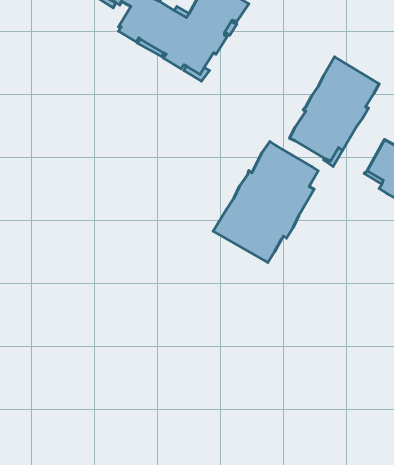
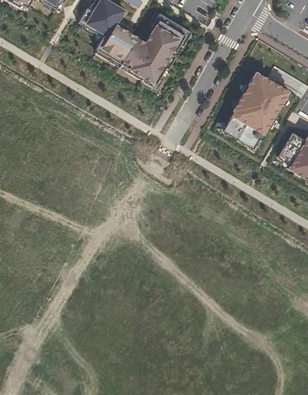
building: [213,141,318,263] -> none

